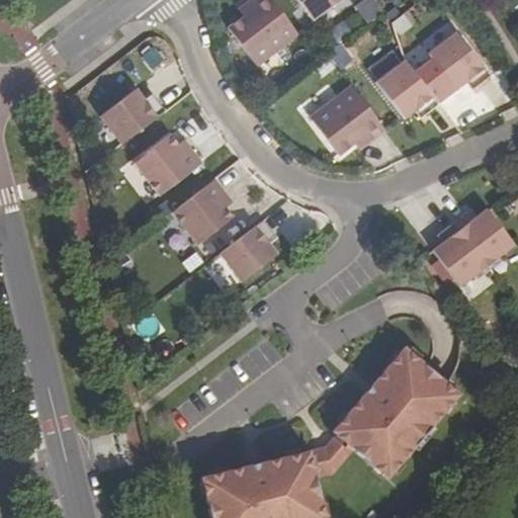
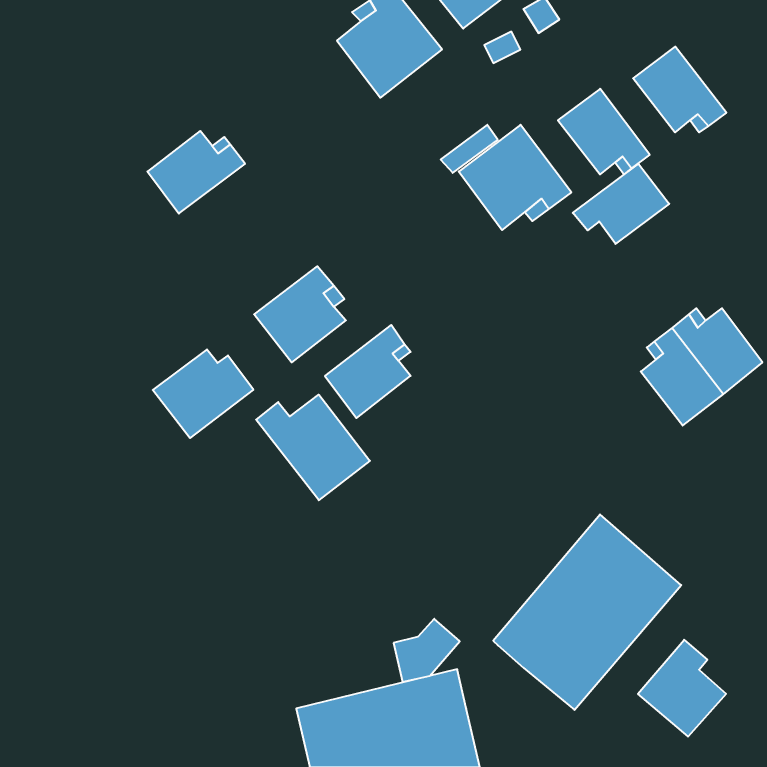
building: none -> [573,164,669,244]
building: [134,134,201,193] -> [153,349,253,438]
building: none -> [256,395,370,500]
building: none -> [638,640,726,737]
building: [309,434,353,477] -> [394,619,460,682]

